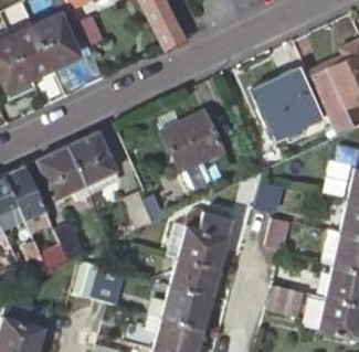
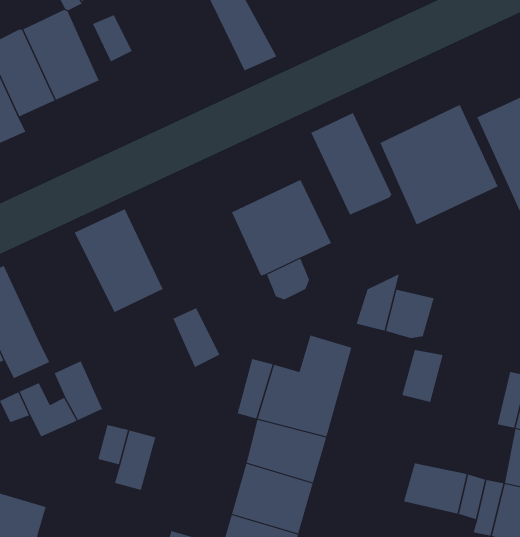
building: none -> [311,112,392,215]
building: [38,147,92,201] -> none

